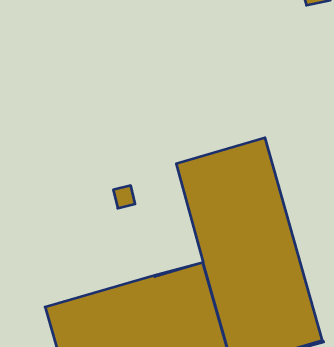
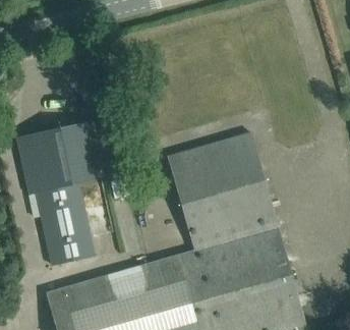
building: none -> [16,118,113,262]

